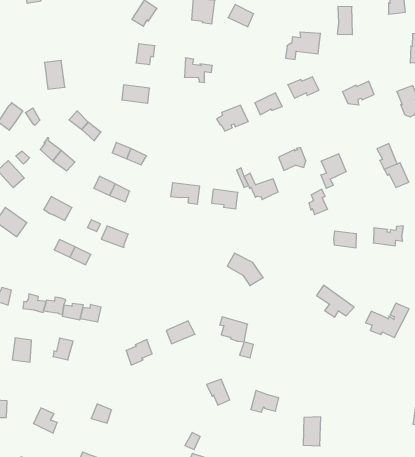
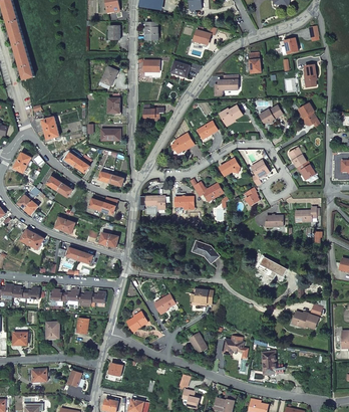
building: [366,303,409,338] -> [292,303,322,329]

